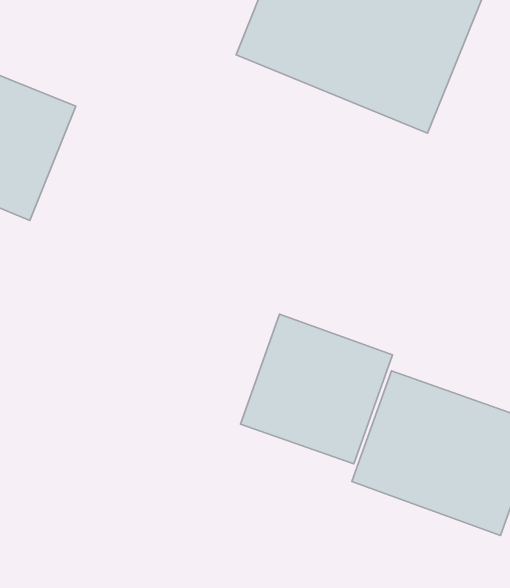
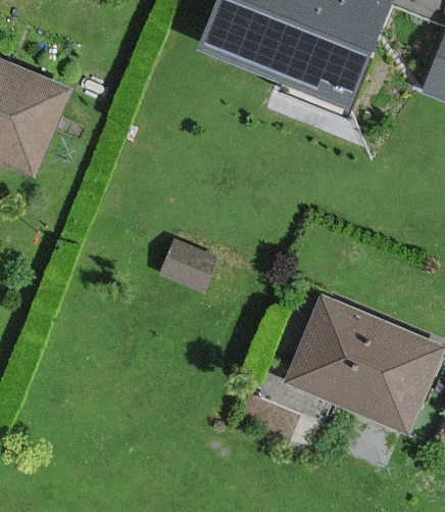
building: [241,314,392,464] -> none

